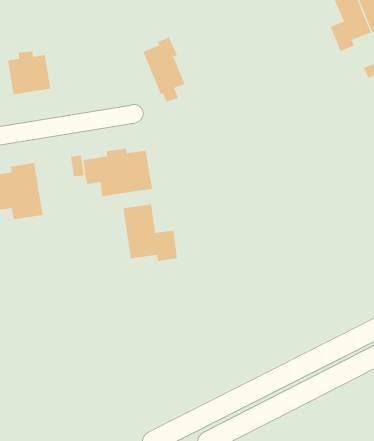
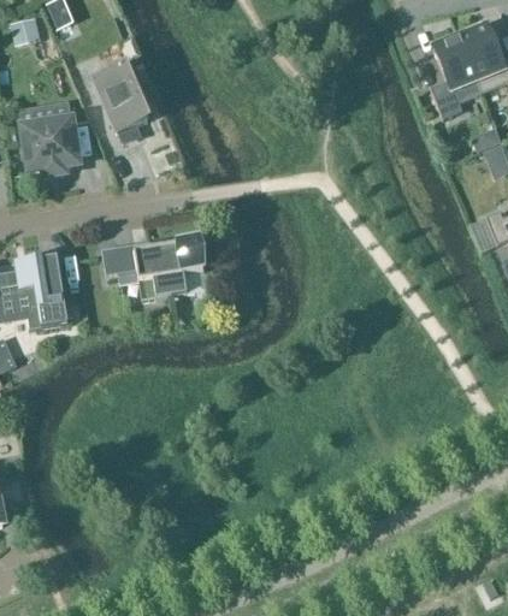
building: [142,37,185,102] -> [94,59,148,142]
building: [123,203,178,262] -> none

